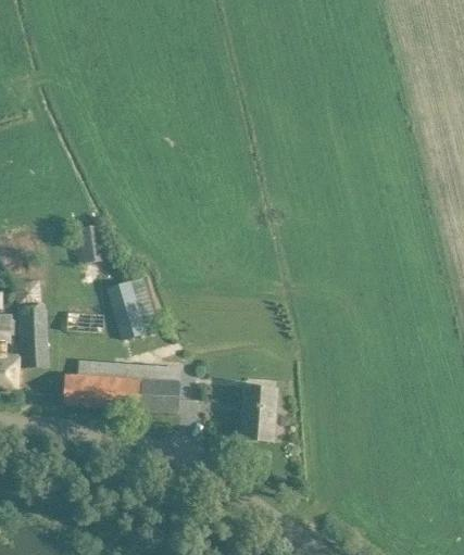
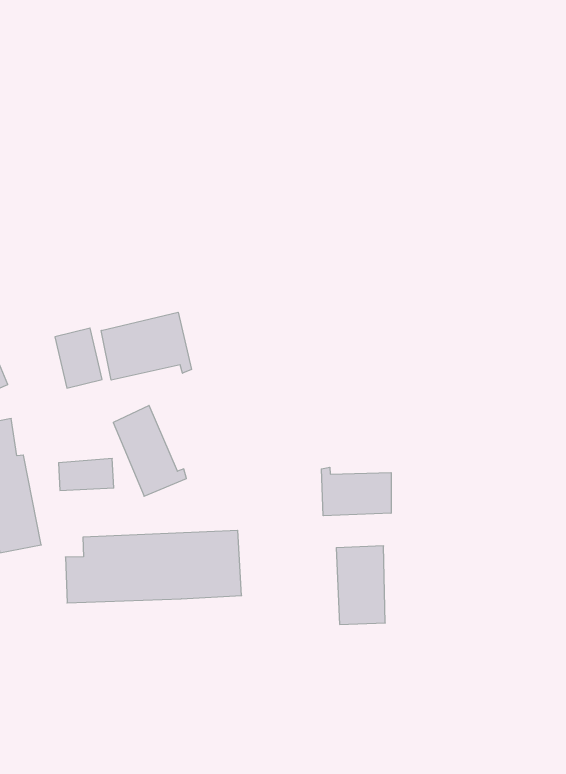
building: none -> [101,312,192,380]
building: none -> [321,467,391,516]

